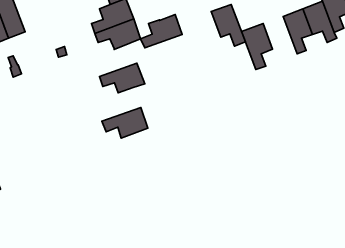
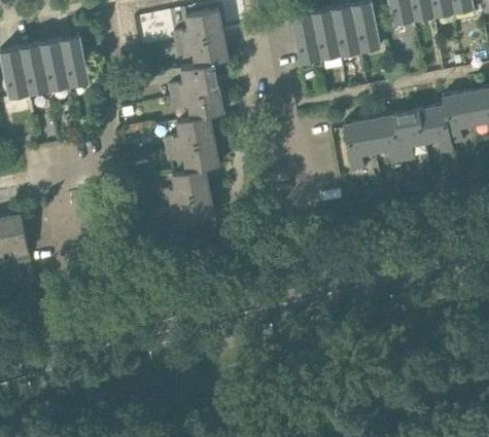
building: [211,4,245,46] -> [370,115,404,165]
building: [141,14,182,48] -> [165,116,214,149]
building: none -> [160,169,210,202]

